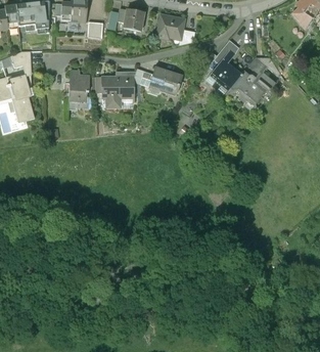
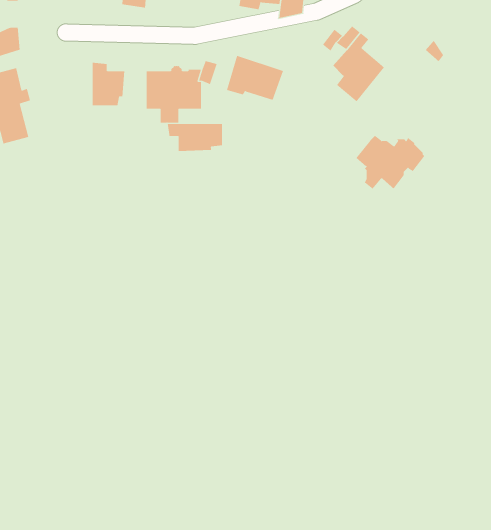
building: [233,71,274,102] -> [356,135,425,189]
building: none -> [167,123,223,152]

